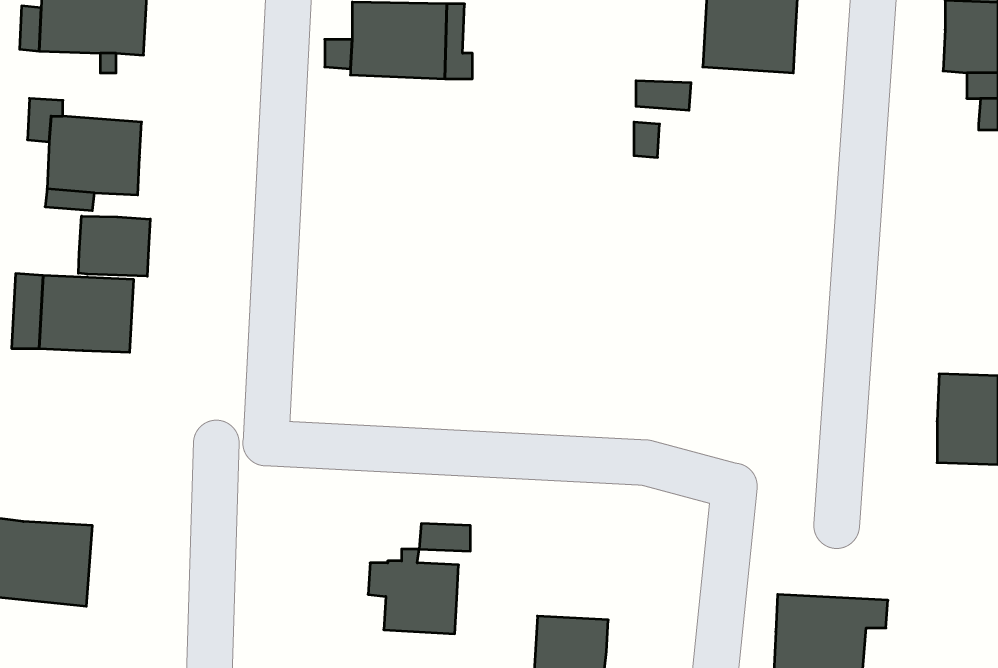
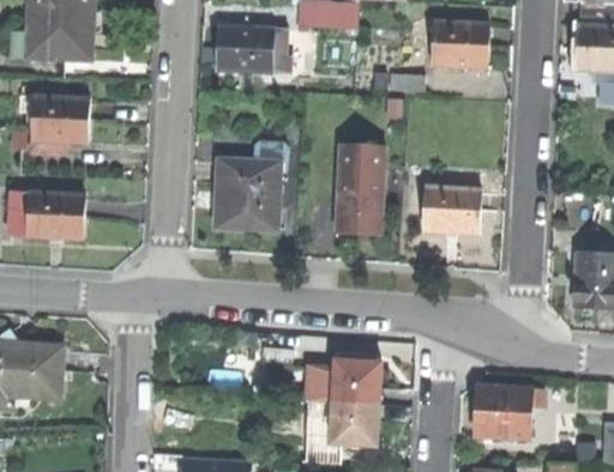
building: none -> [337,144,386,235]
building: [78,216,150,276] -> none
building: none -> [216,161,281,230]
building: none -> [425,186,481,235]
building: [368,549,459,634] -> [321,351,377,403]

